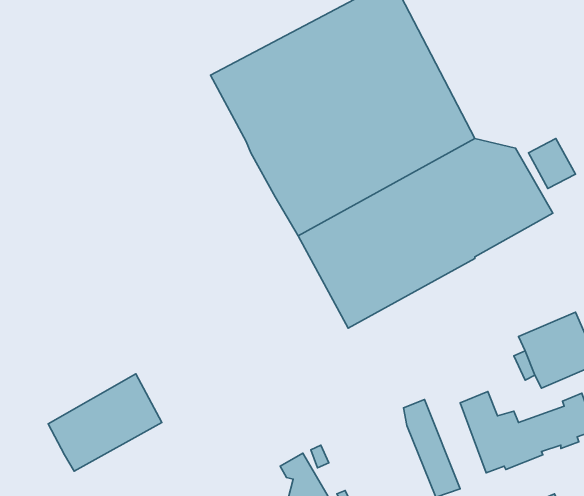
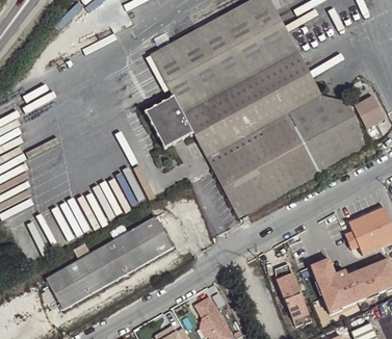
building: none -> [145,97,191,147]
building: none -> [102,215,173,277]

